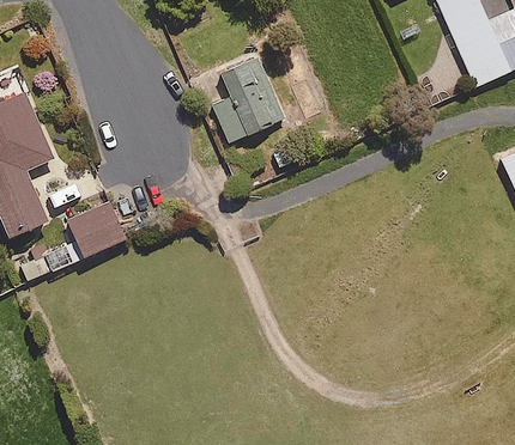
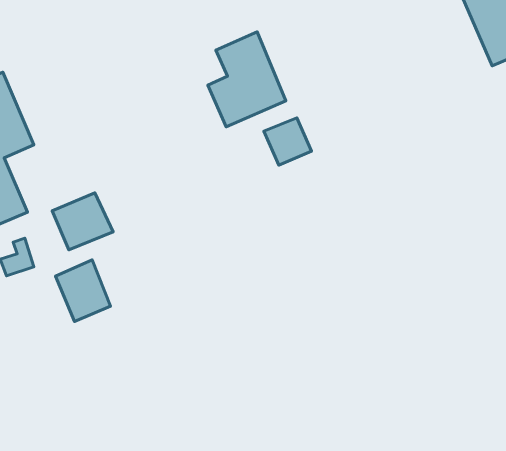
building: none -> [264,118,311,165]
building: none -> [55,260,111,322]

